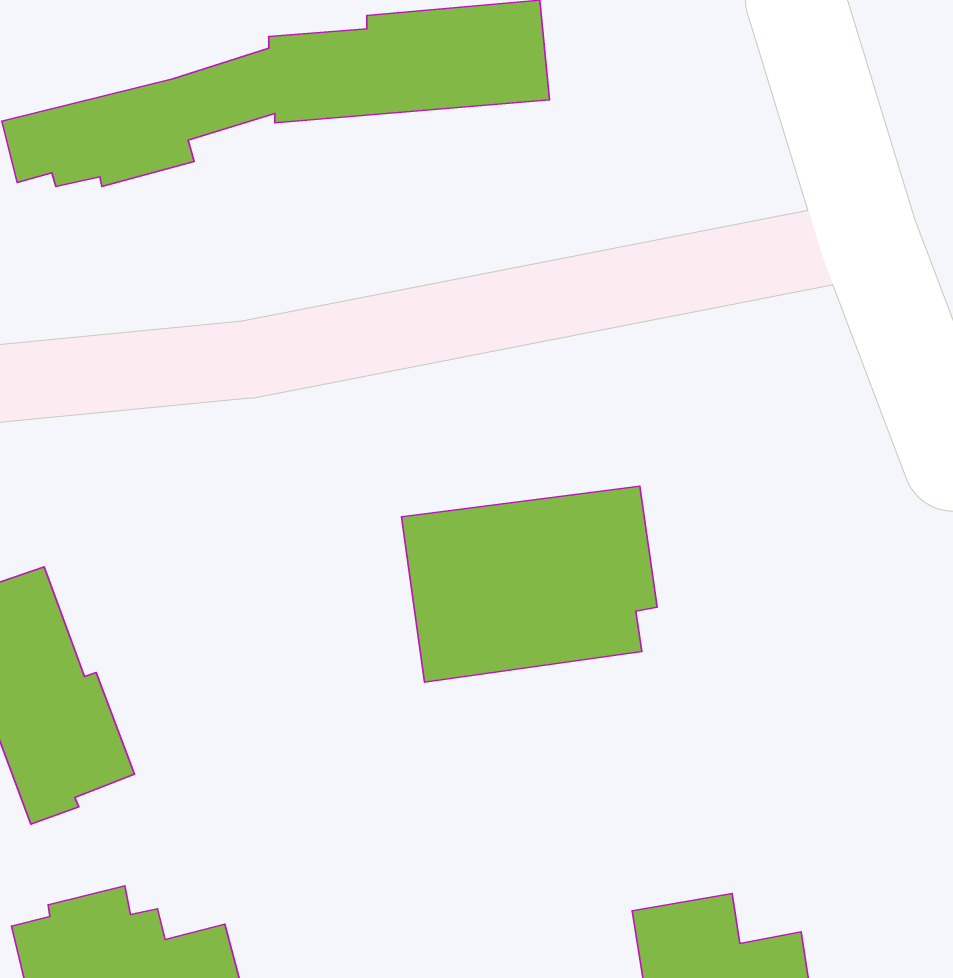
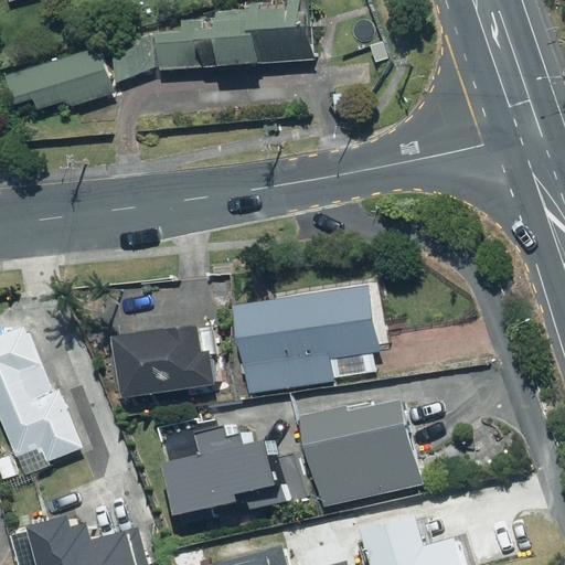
building: none -> [106,326,221,397]
building: none -> [300,393,422,504]
building: none -> [159,423,290,540]

